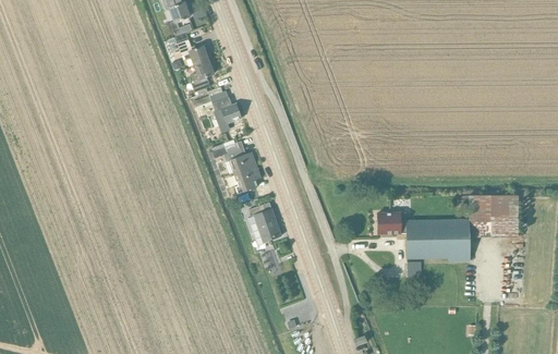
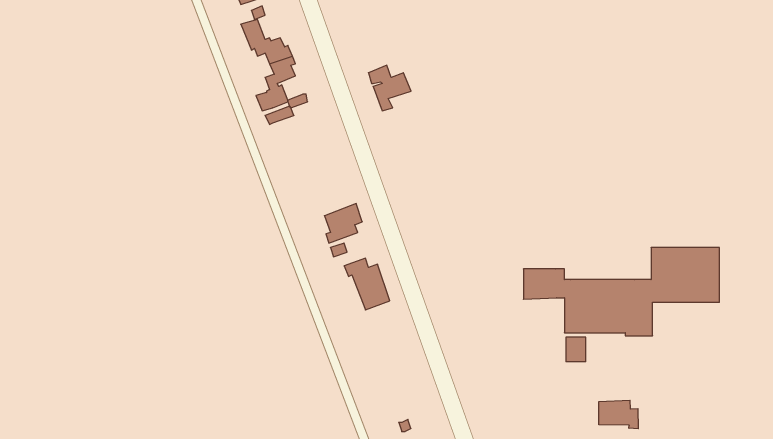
building: [213,99,243,132] -> [368,65,411,111]
building: [213,143,257,174] -> none
building: none -> [599,400,638,429]

